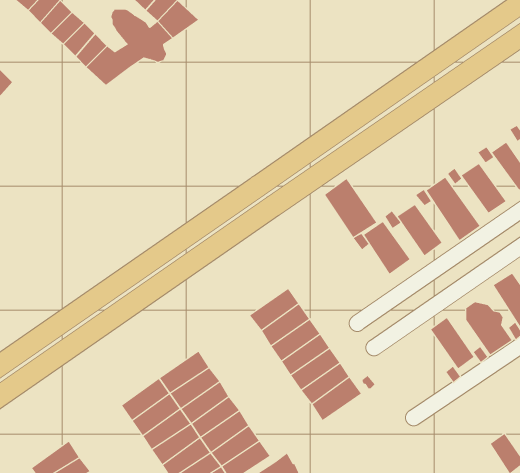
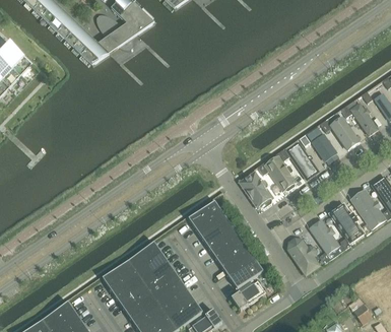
building: [324,178,377,238] -> [238,171,273,210]
building: none -> [285,237,319,274]
building: none -> [232,279,265,309]

